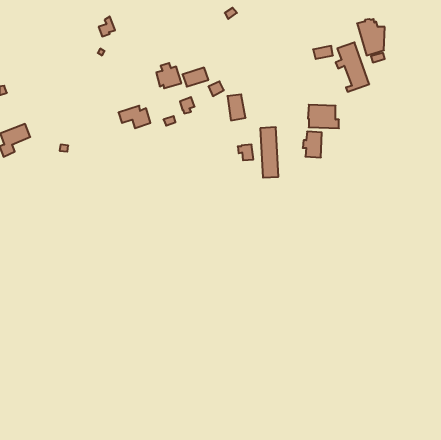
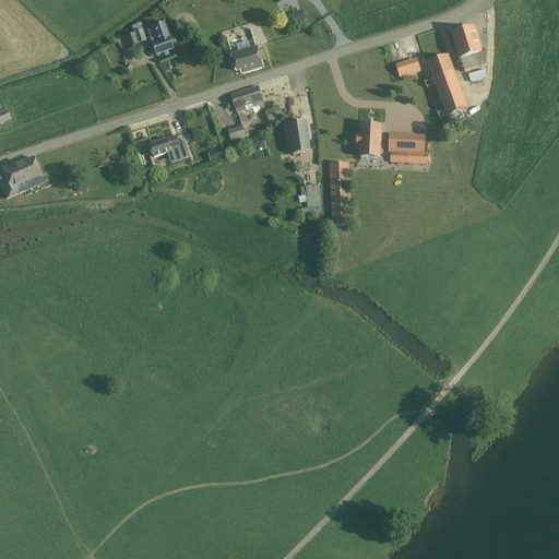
building: none -> [150,21,173,52]
building: [156,63,181,88] -> [230,39,262,71]
building: [303,132,322,157] -> [356,122,380,155]

